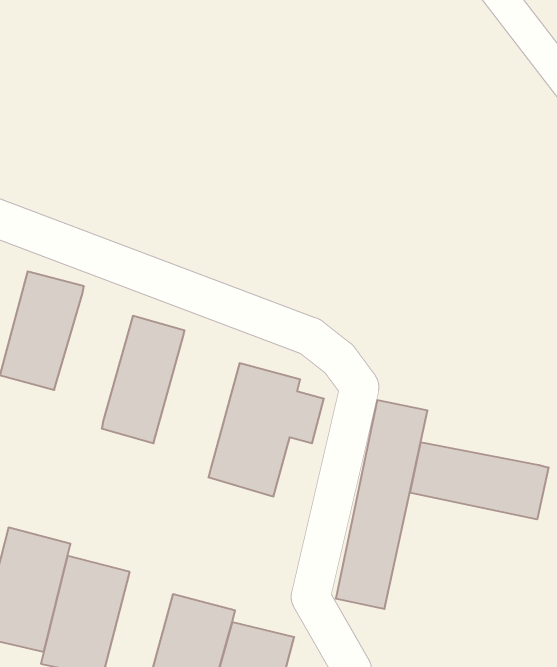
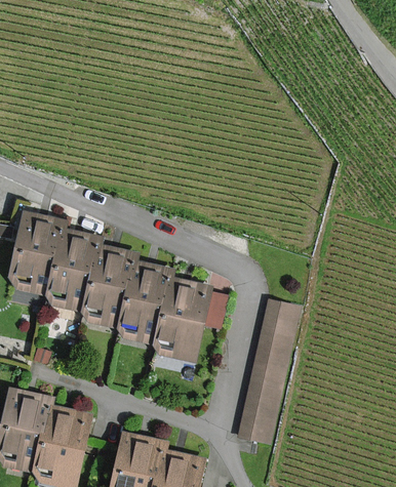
building: none -> [39,226,97,314]
building: none -> [110,255,172,346]
building: [410,442,549,519] -> none

